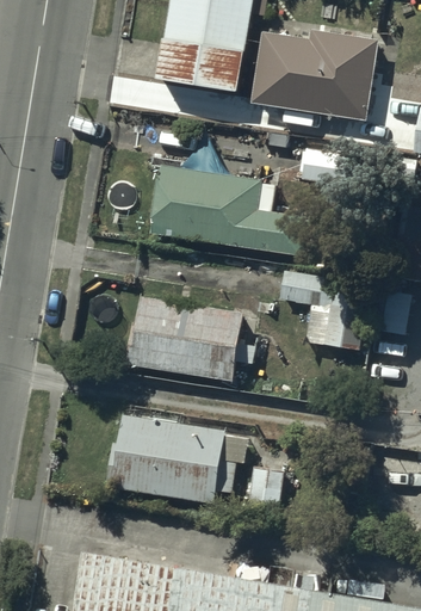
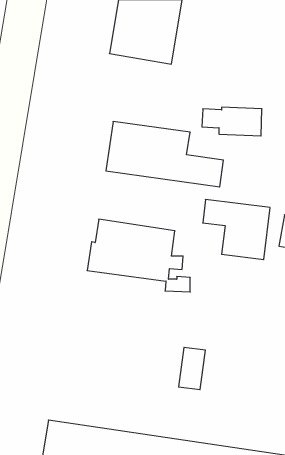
building: [253,23,378,118] -> none
building: [109,414,249,502] -> none

